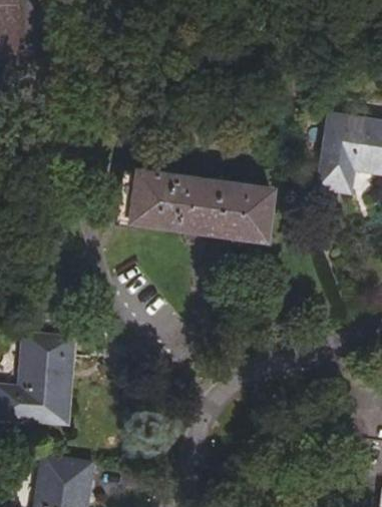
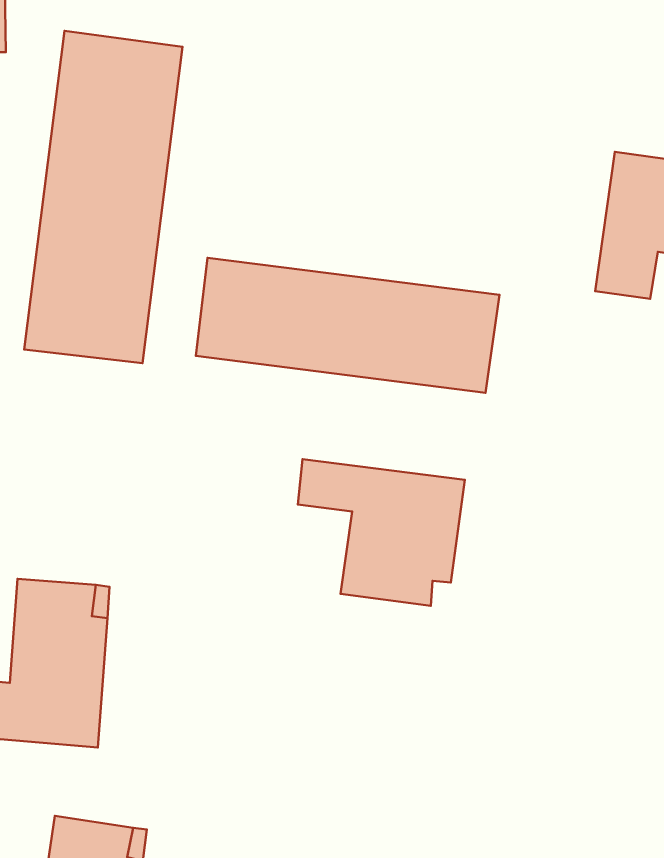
building: none -> [24,31,182,363]
building: none -> [298,459,465,606]

